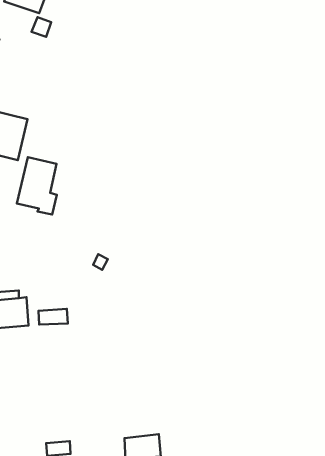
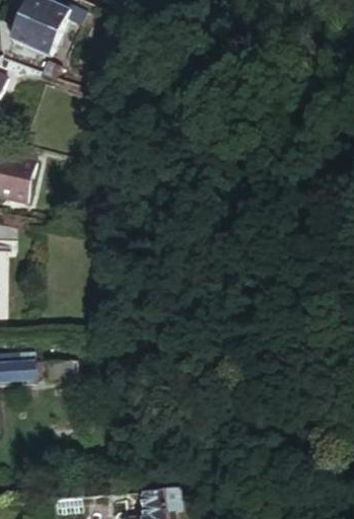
building: [17,157,57,214] -> none

